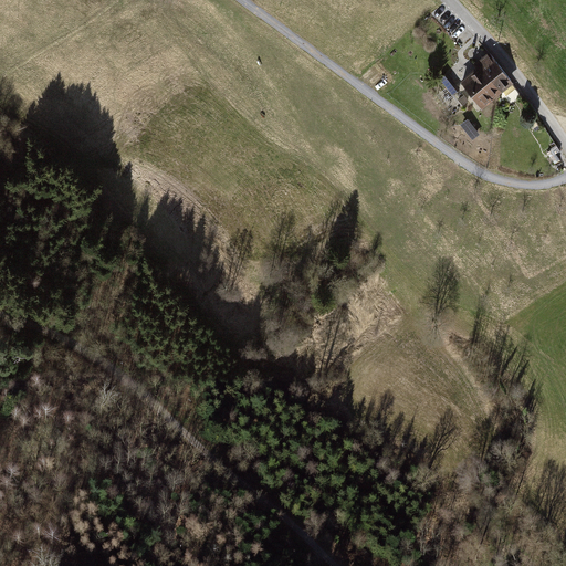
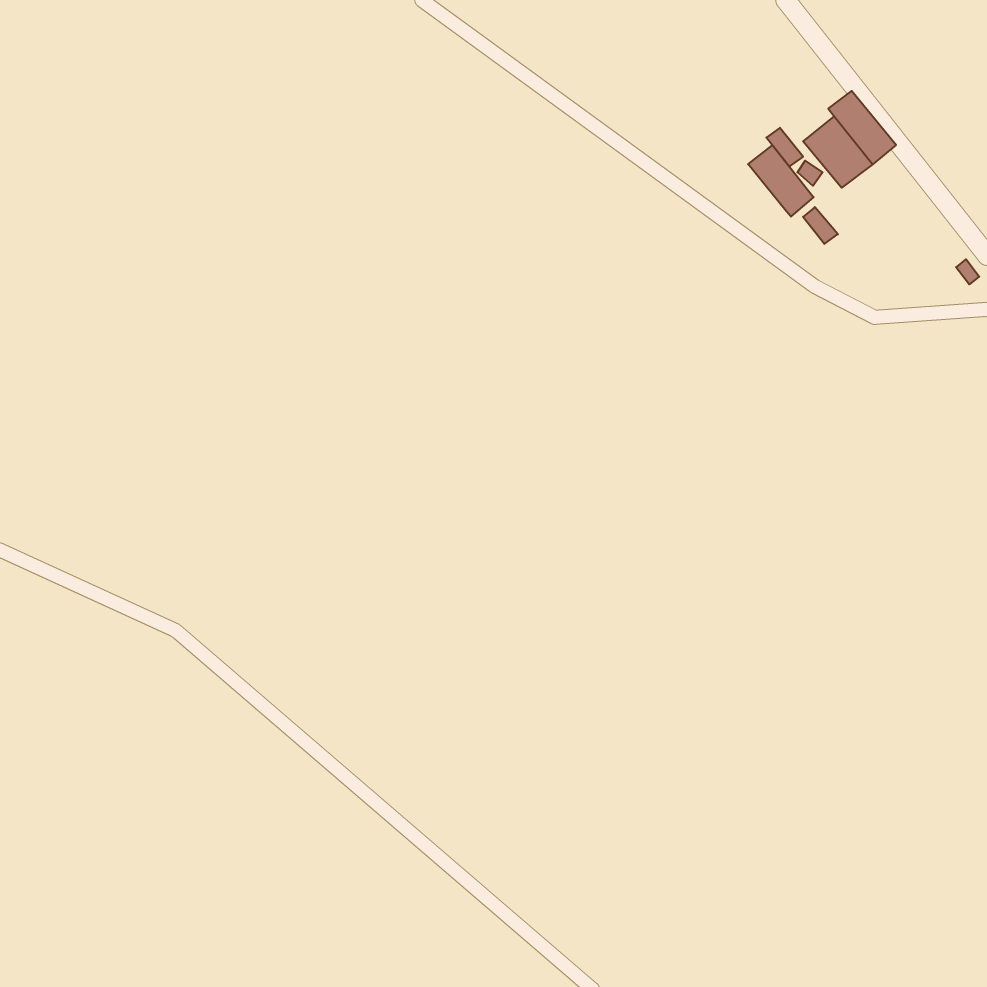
building: none -> [748,145,814,217]

